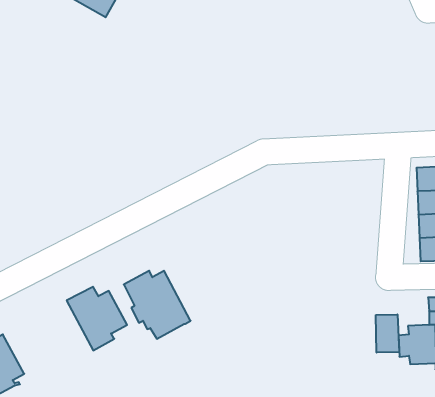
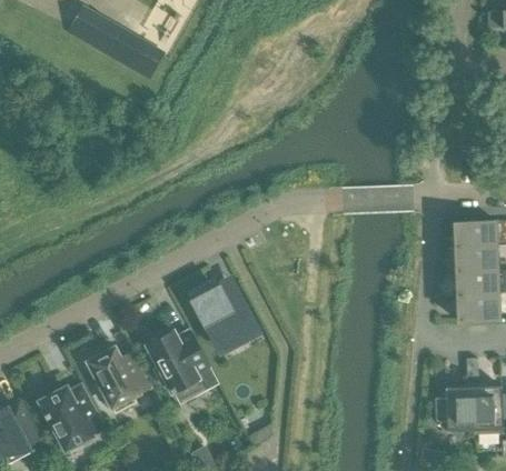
building: none -> [194,288,258,348]
building: [376,314,399,353] -> none
building: none -> [40,382,105,450]

